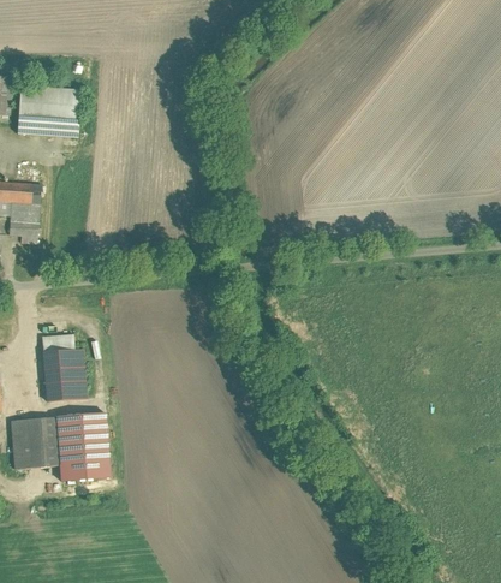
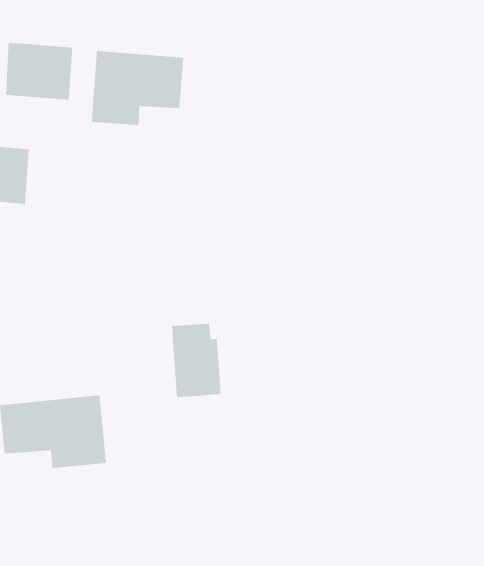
building: none -> [91,50,184,126]
building: [40,333,87,403] -> [171,323,221,398]

